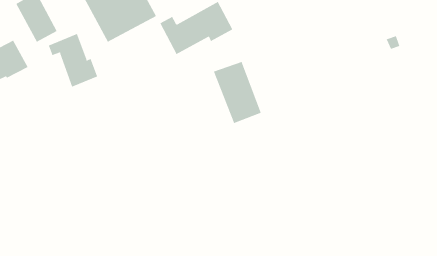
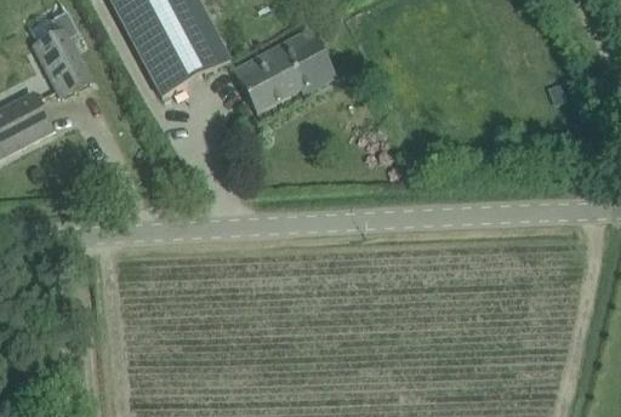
building: [48,33,98,88] -> none
building: [213,61,262,124] -> none

